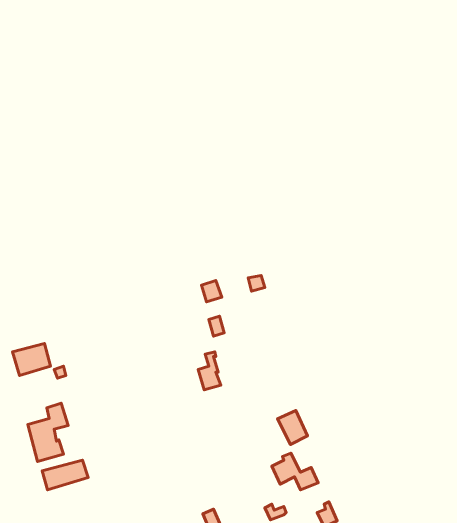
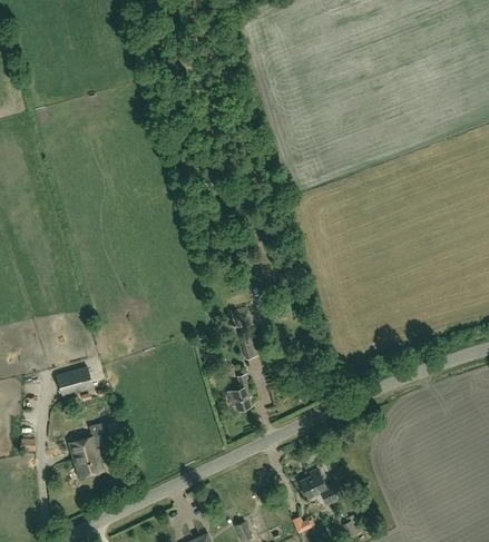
building: [278,410,307,444] -> none
building: [42,460,88,490] -> none

